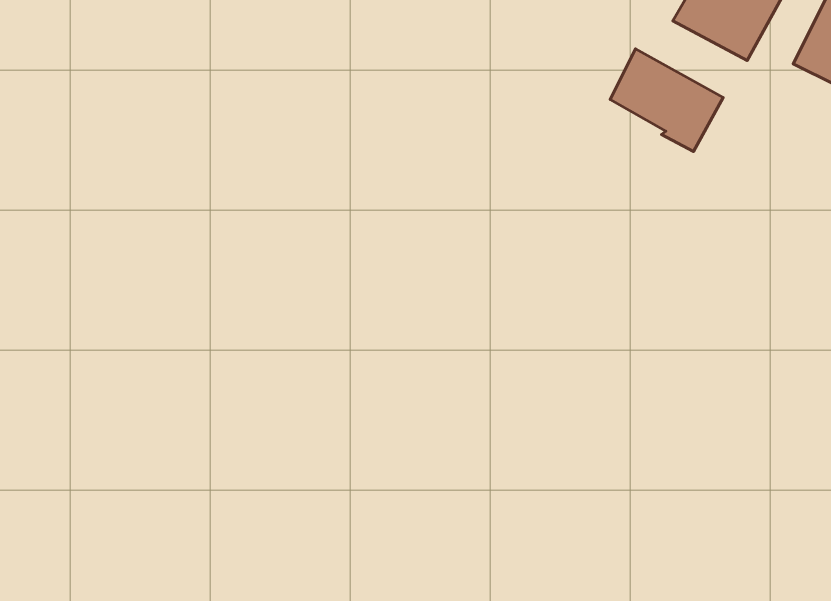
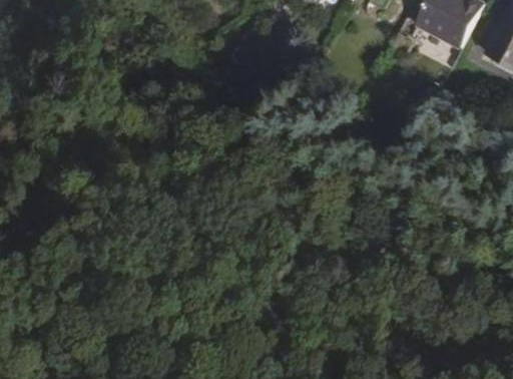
building: [610,49,723,152] -> none

